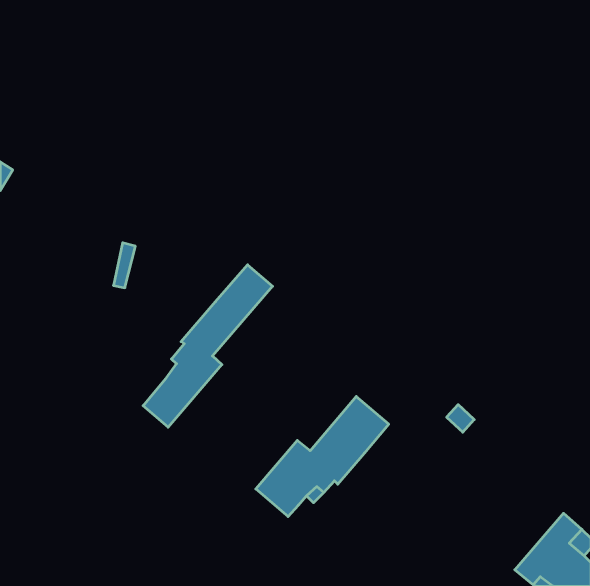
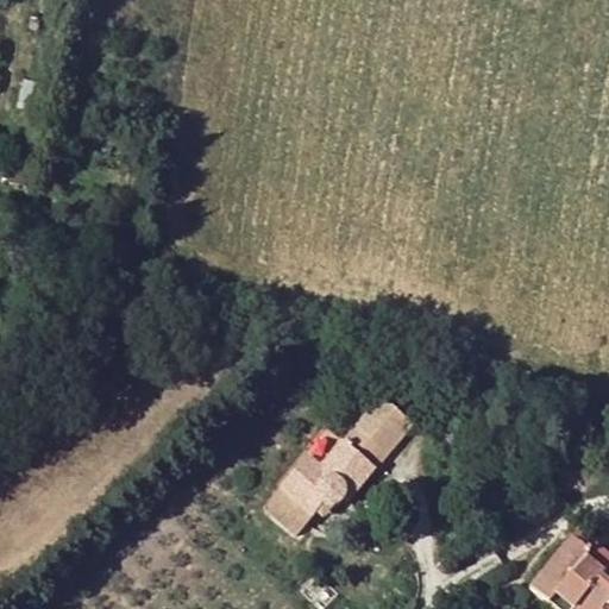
building: [143,265,273,427] -> none

